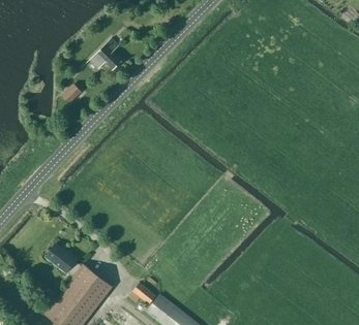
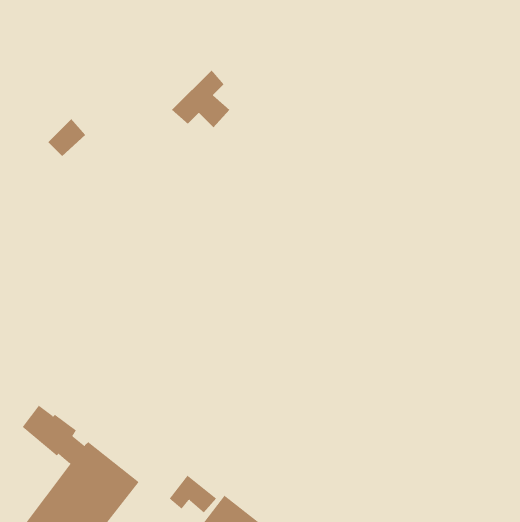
building: [89,38,122,71] -> [171,70,230,128]

